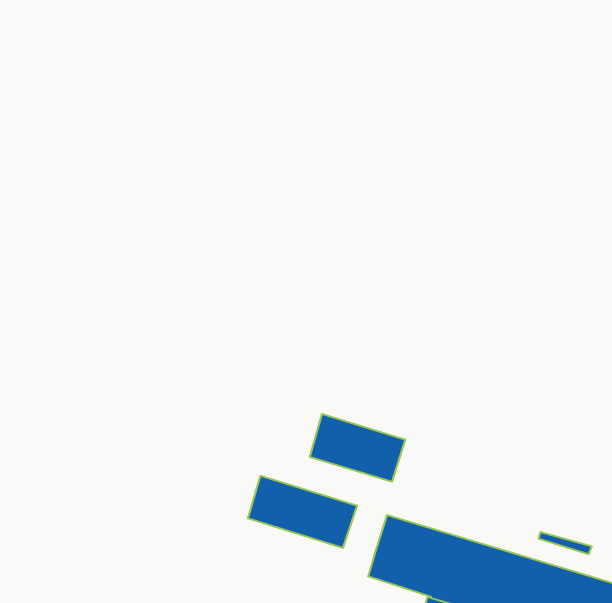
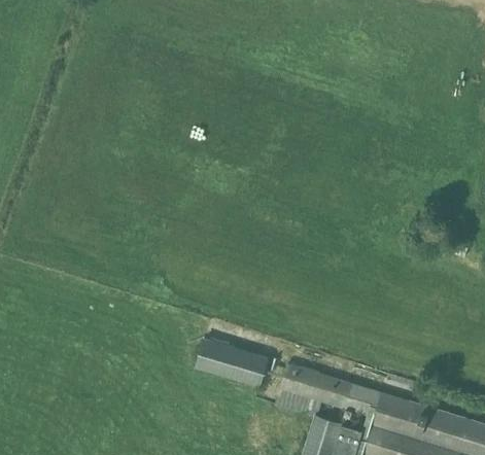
building: [310,414,405,482] -> none

